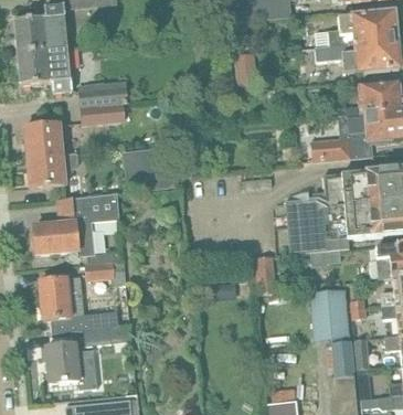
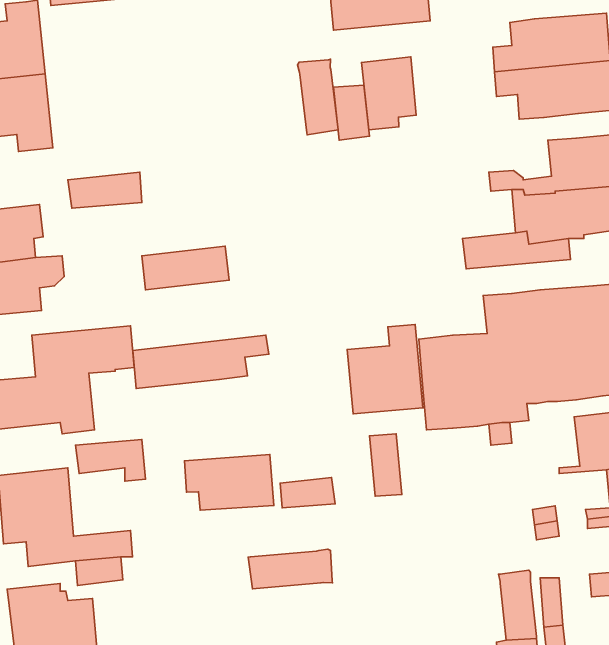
building: none -> [361,57,416,130]
building: none -> [298,59,338,135]
building: [79,79,128,107] -> none
building: none -> [347,324,423,414]
building: none -> [133,335,269,389]
building: none -> [184,454,274,510]
building: [311,289,350,338] -> none
building: none -> [248,549,332,589]

